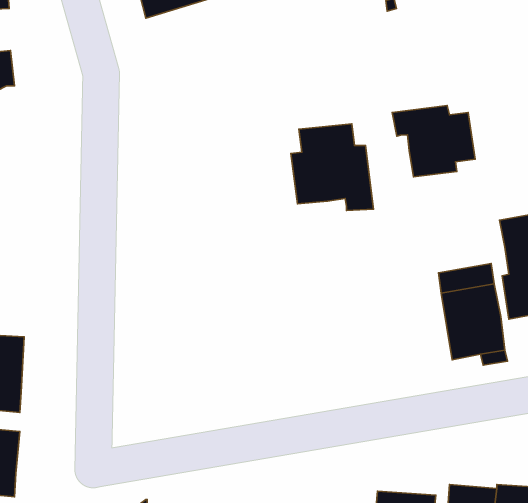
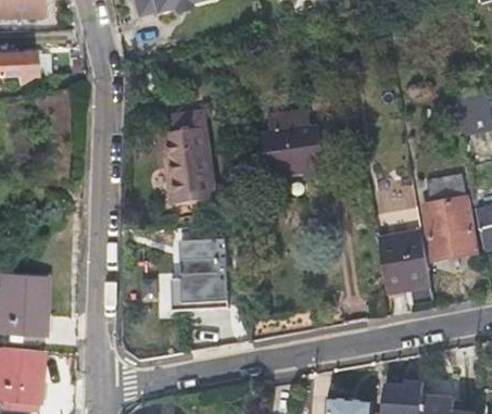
building: [392,105,475,177] -> none
building: none -> [164,124,213,200]
building: none -> [174,213,241,297]

